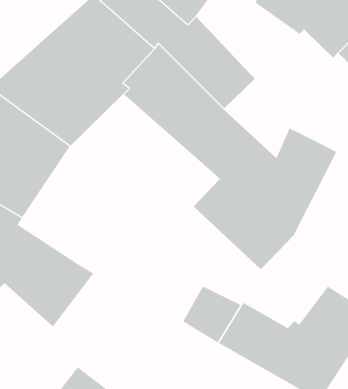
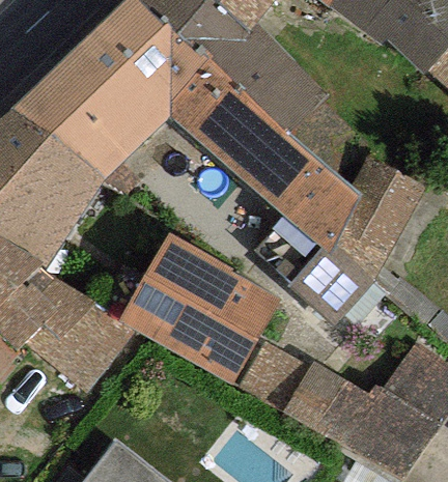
building: none -> [119,233,279,382]

